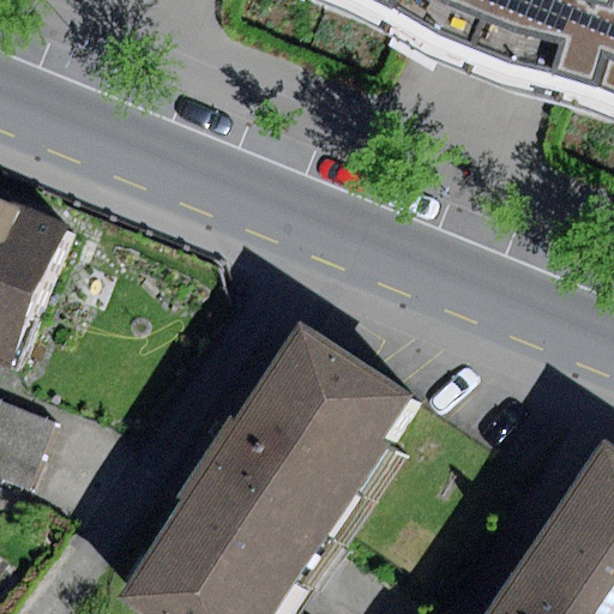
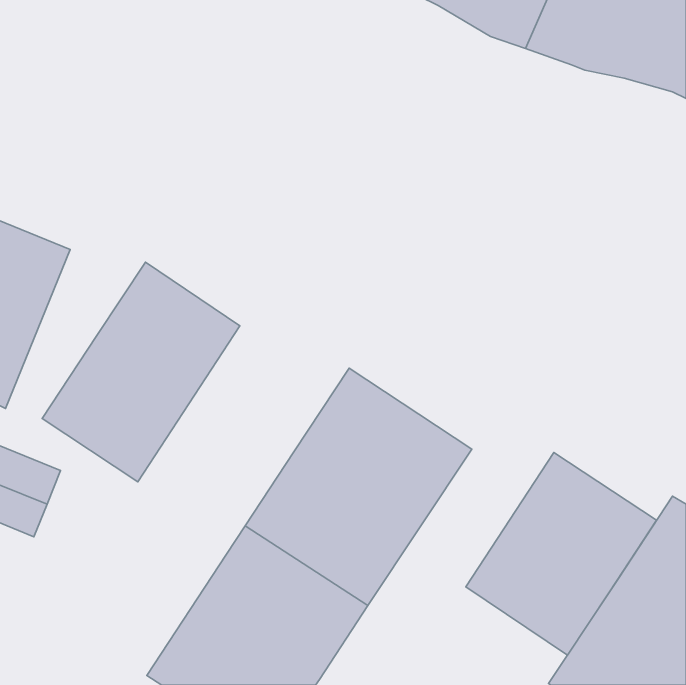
building: none -> [42,262,240,482]
building: none -> [466,452,657,655]

